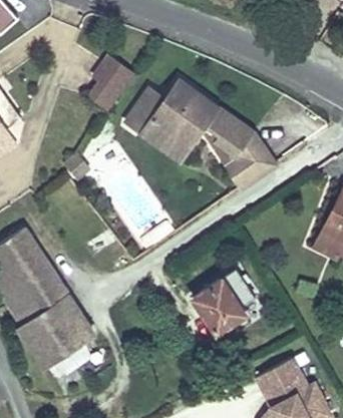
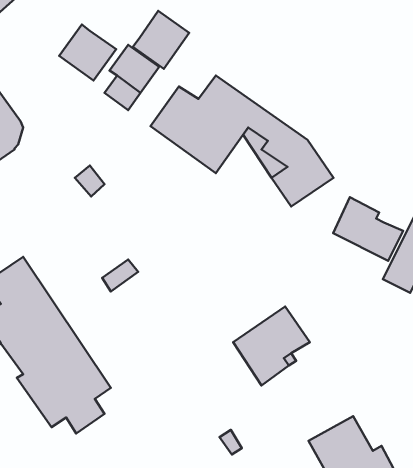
building: none -> [133,11,189,69]
building: none -> [59,25,116,80]
building: none -> [333,197,403,261]

